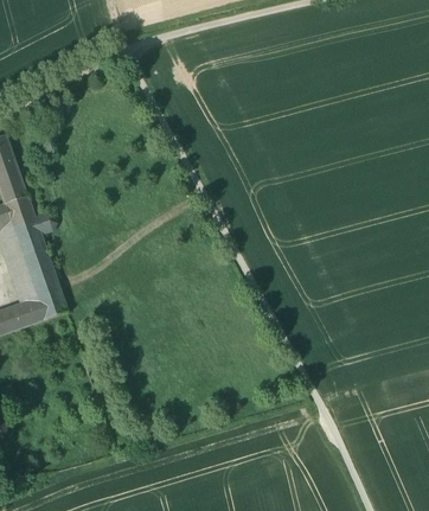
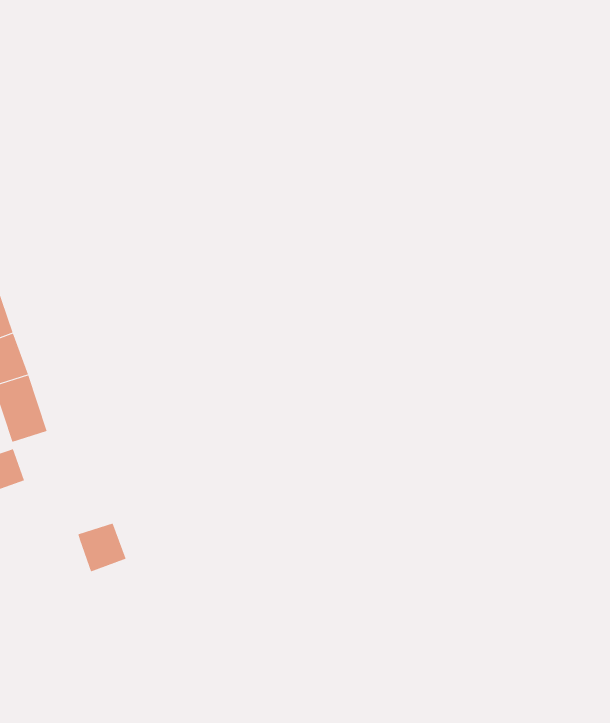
building: [37,288,68,319] -> [77,523,126,572]

